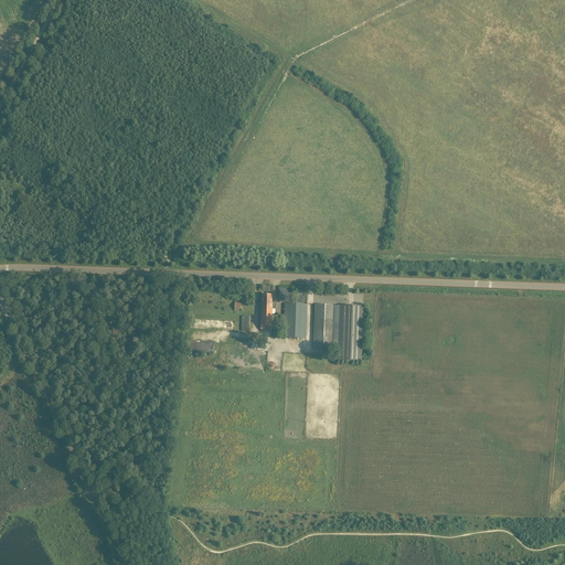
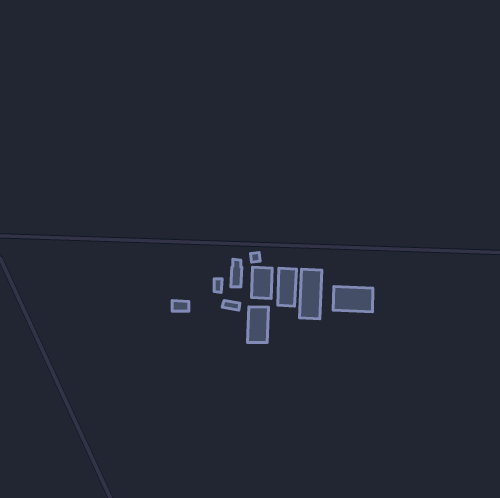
building: none -> [333,287,373,312]
building: none -> [248,307,268,343]

